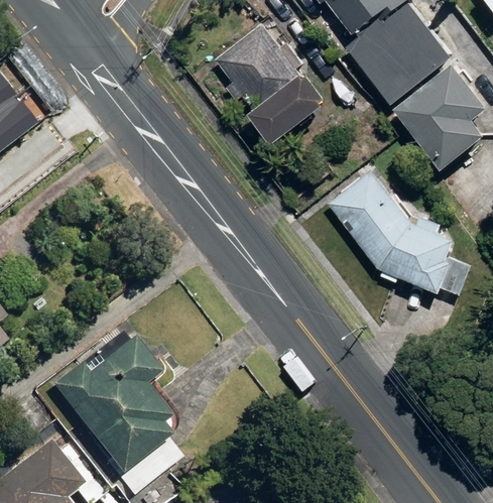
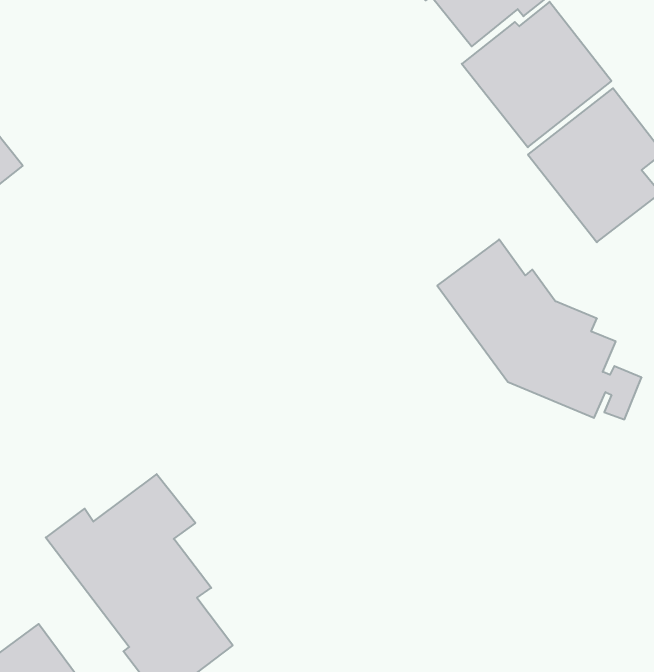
building: [214,24,325,147] -> none

